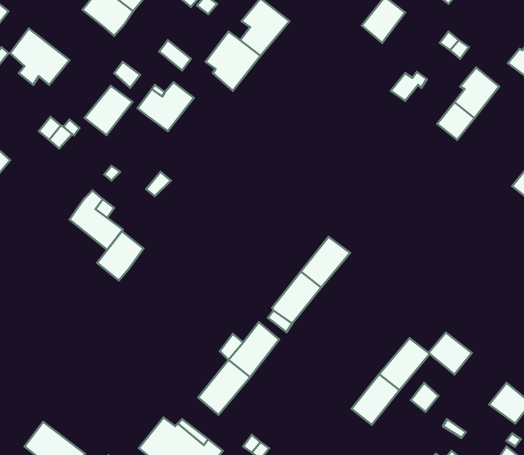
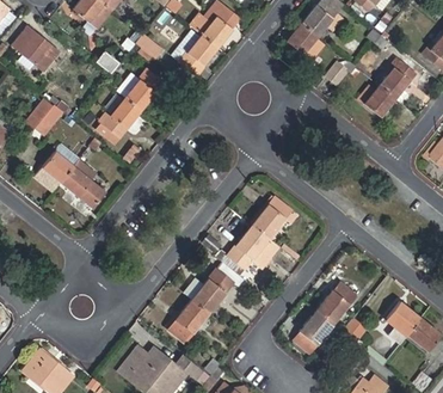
building: none -> [287,23,322,61]
building: [85,86,132,135] -> [103,97,142,137]
building: [97,231,143,280] -> [35,152,73,192]
building: [428,333,472,375] -> [386,301,422,336]

